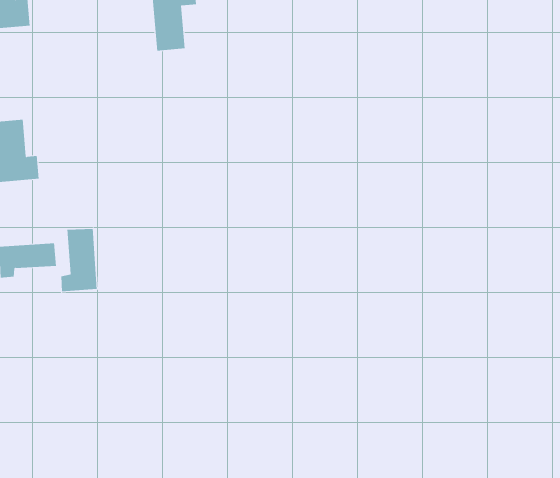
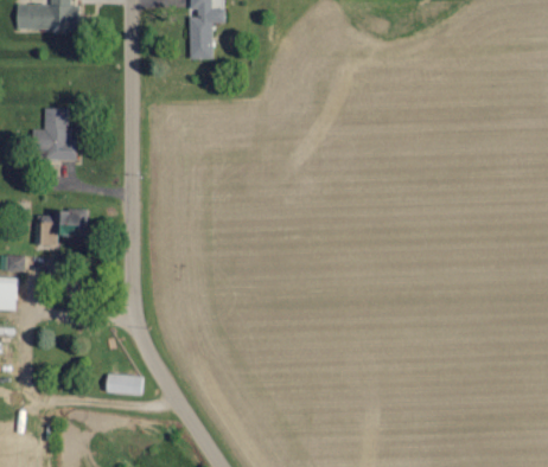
building: [61,228,97,292] -> none
building: none -> [104,375,144,394]

